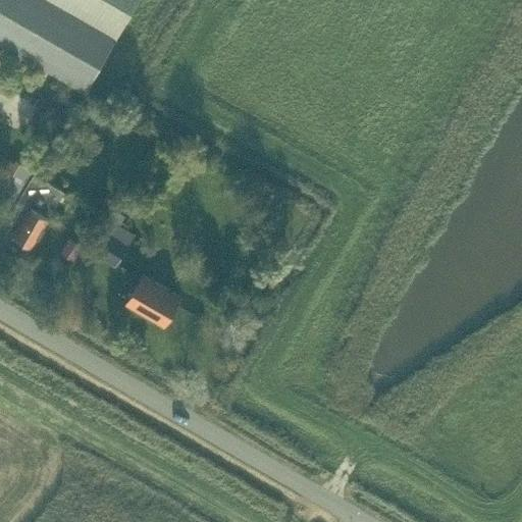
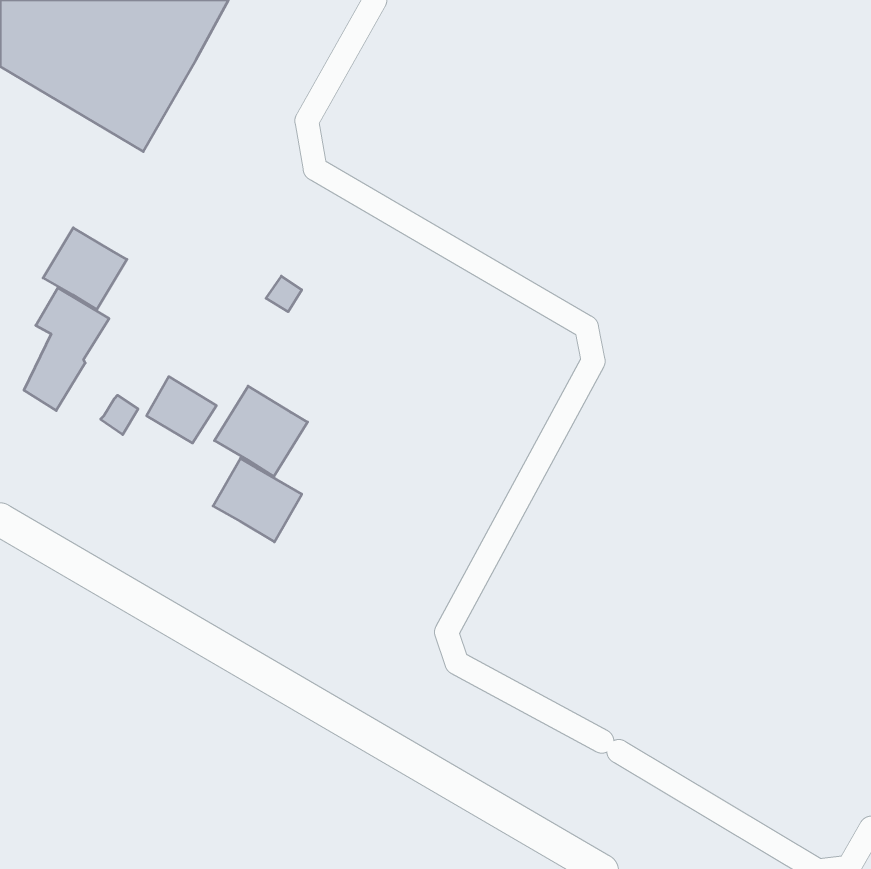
building: none -> [43,228,127,310]
building: none -> [214,386,308,477]

